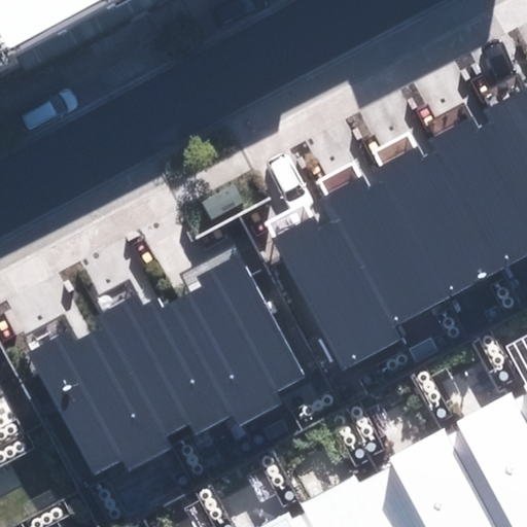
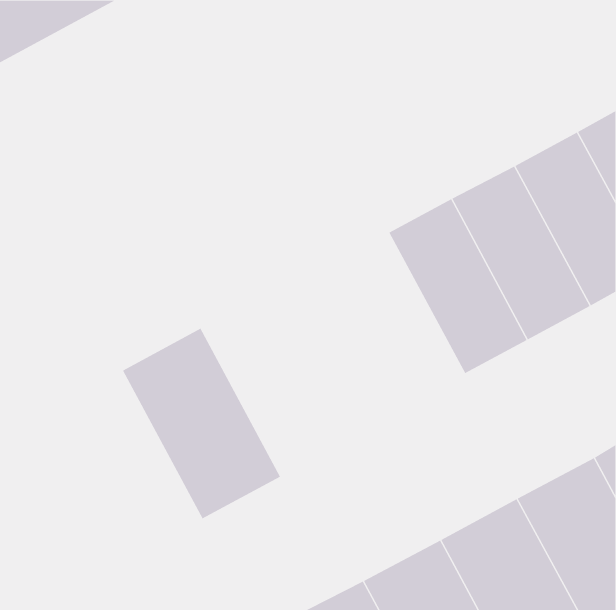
building: [277,205,395,354] -> none
building: [171,250,306,413] -> none
building: [36,322,172,484] -> none

